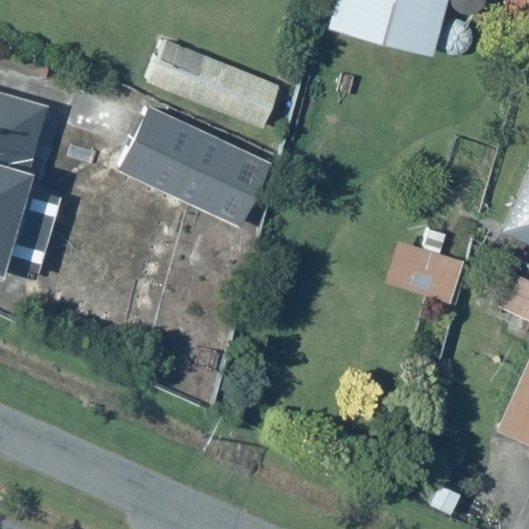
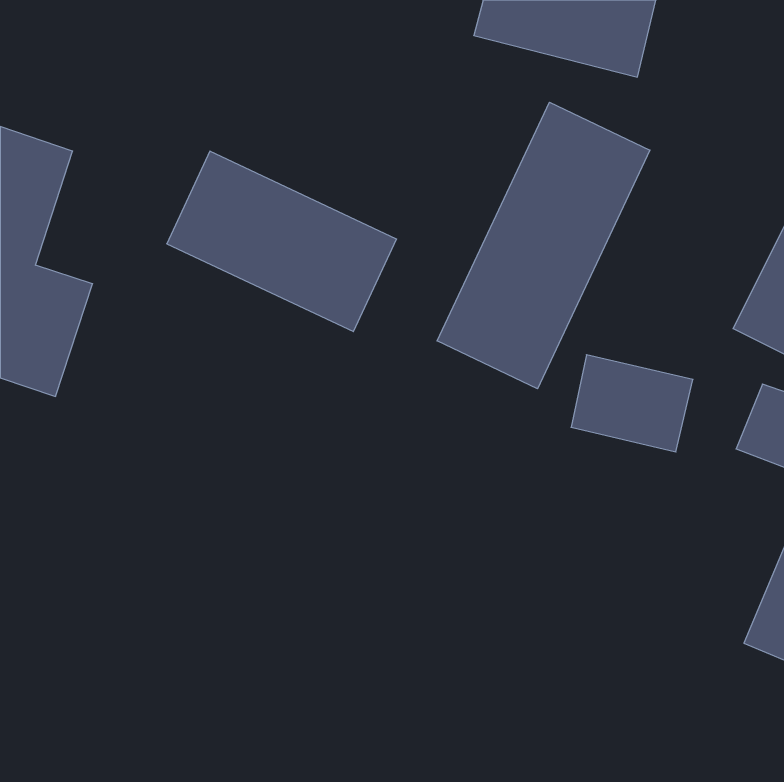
building: [148,38,281,128] -> none
building: none -> [437,102,650,389]

